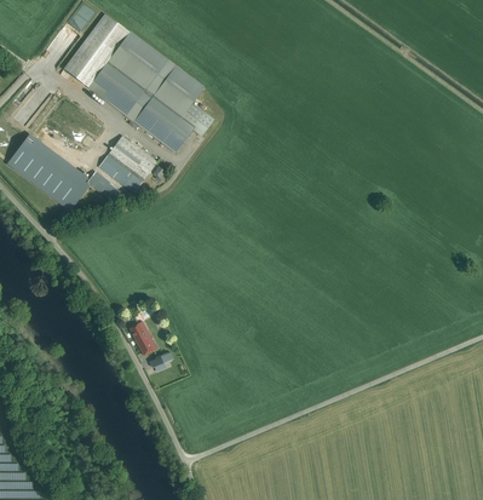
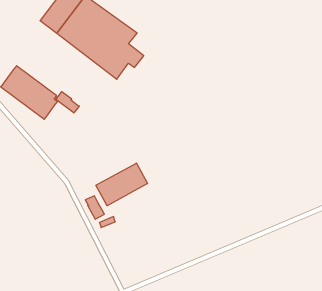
building: [98,136,165,192] -> none
building: none -> [96,163,148,206]

